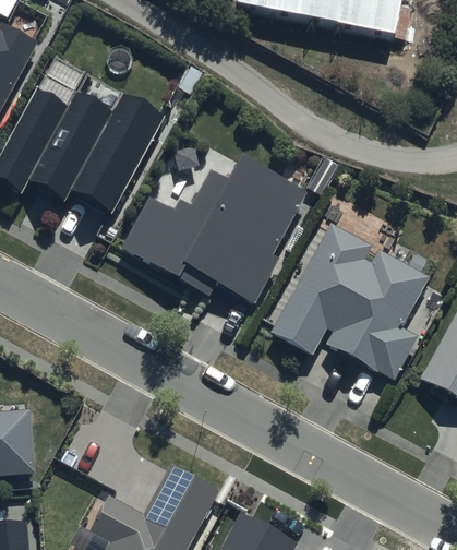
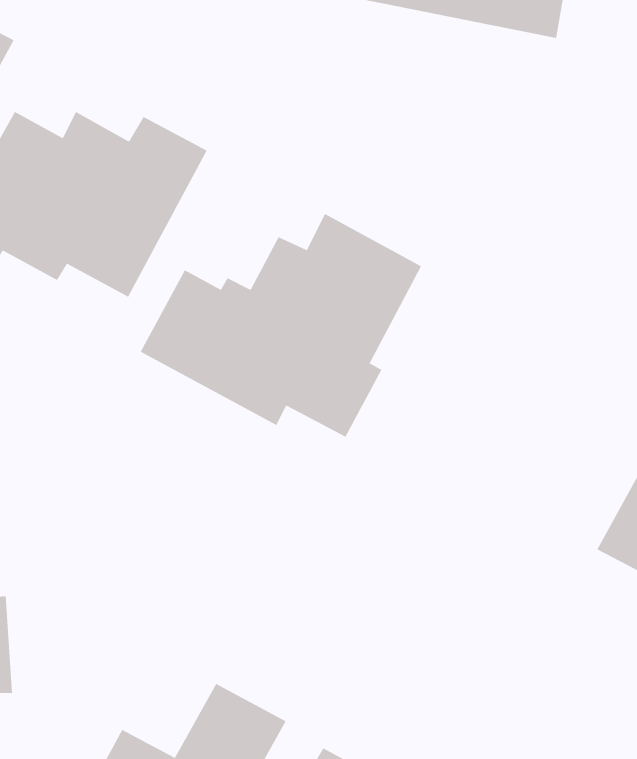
building: [273,222,430,378] -> none

